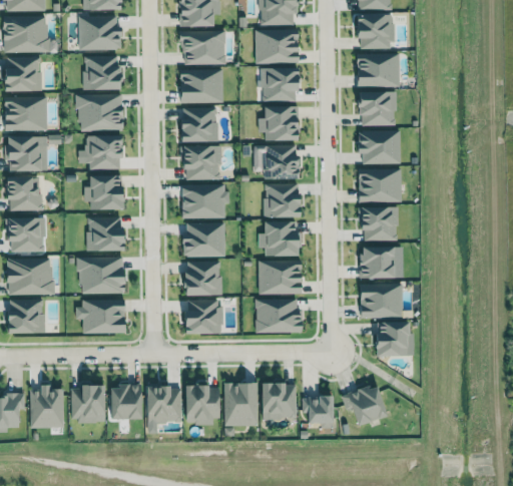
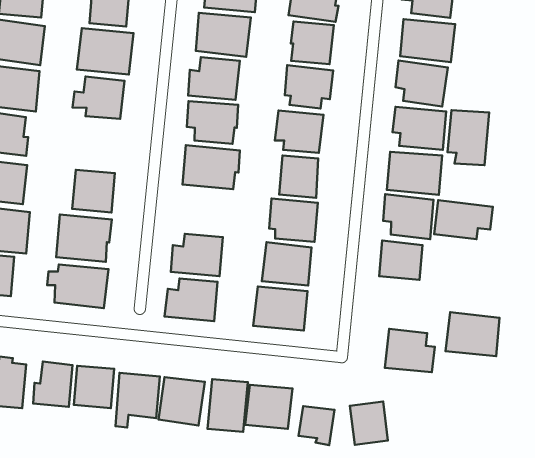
building: none -> [447,110,489,165]
building: [86,175,124,210] -> none
building: none -> [434,200,493,239]
building: [183,222,226,258] -> none
building: [360,285,404,319] -> [446,312,500,356]

